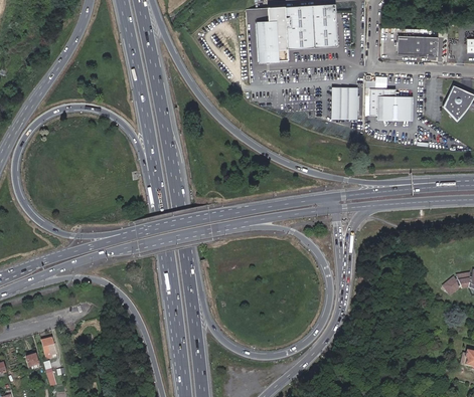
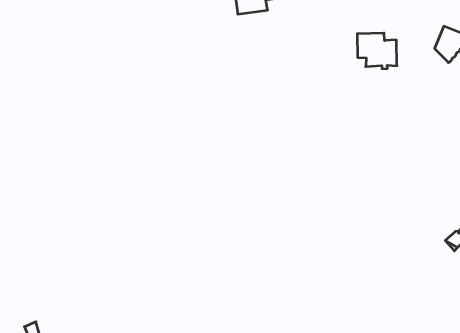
building: [332,88,357,120] -> none

